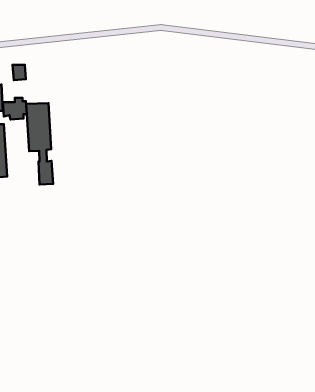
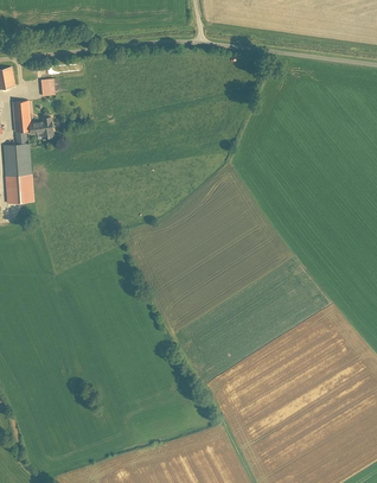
building: [26,103,53,185] -> none

